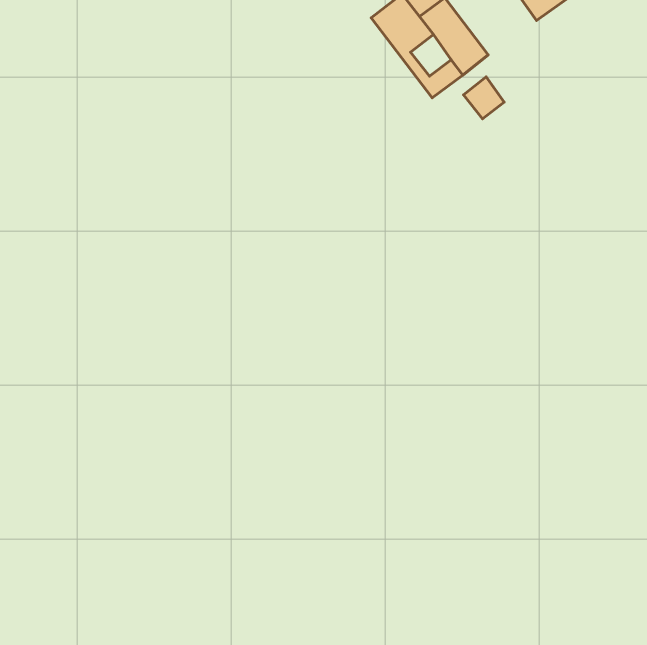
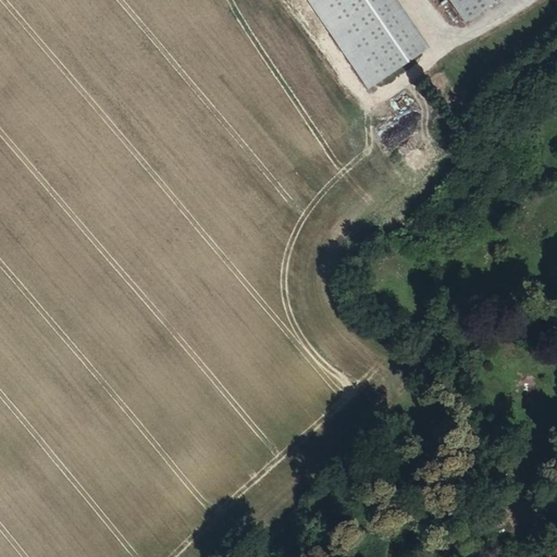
building: [463,77,504,119] -> [354,29,388,65]

